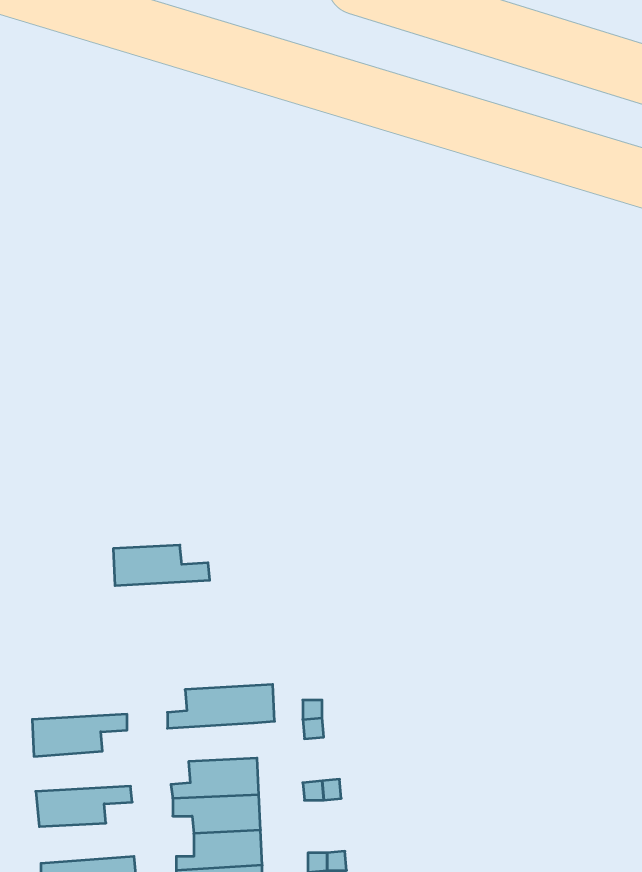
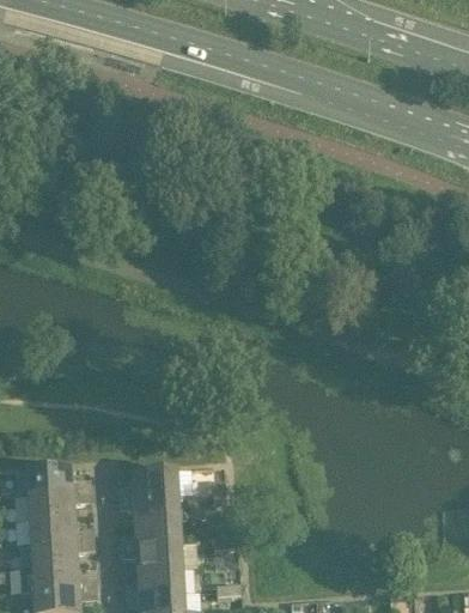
building: [113,545,210,586] -> [24,471,90,498]
building: none -> [117,500,178,527]
building: none -> [26,520,92,547]
building: none -> [17,569,95,596]

